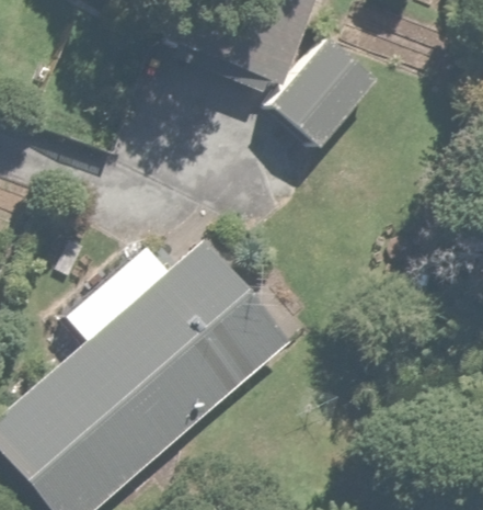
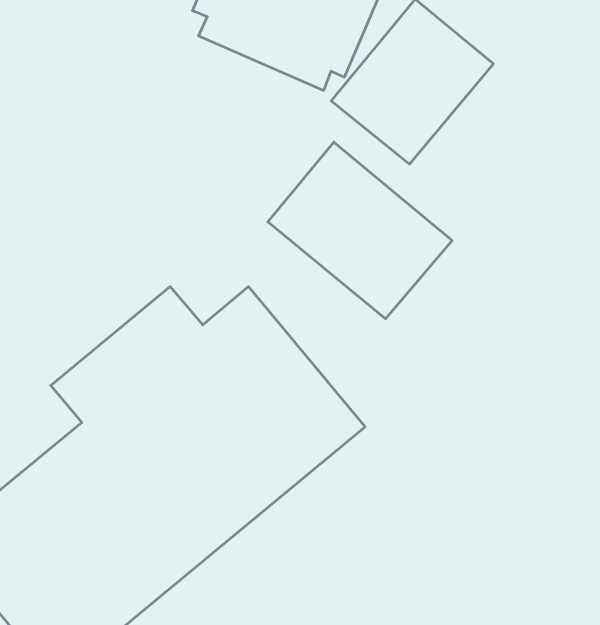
building: none -> [268,142,452,319]

